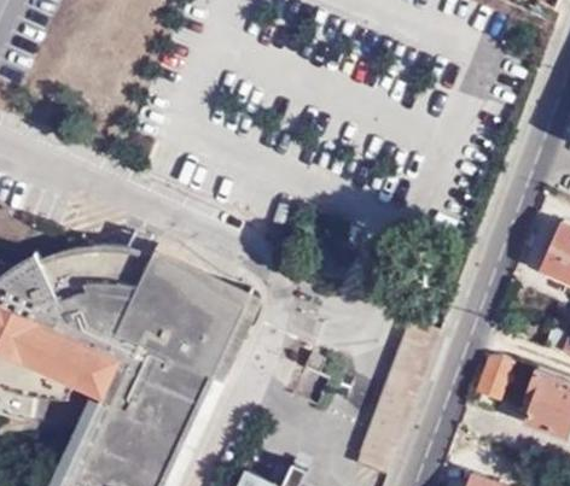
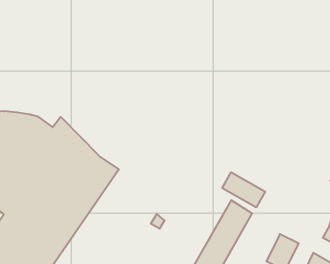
building: none -> [222,172,265,207]

